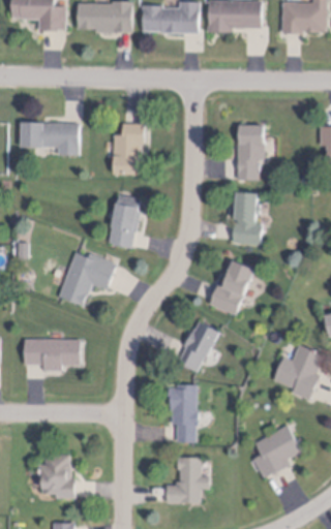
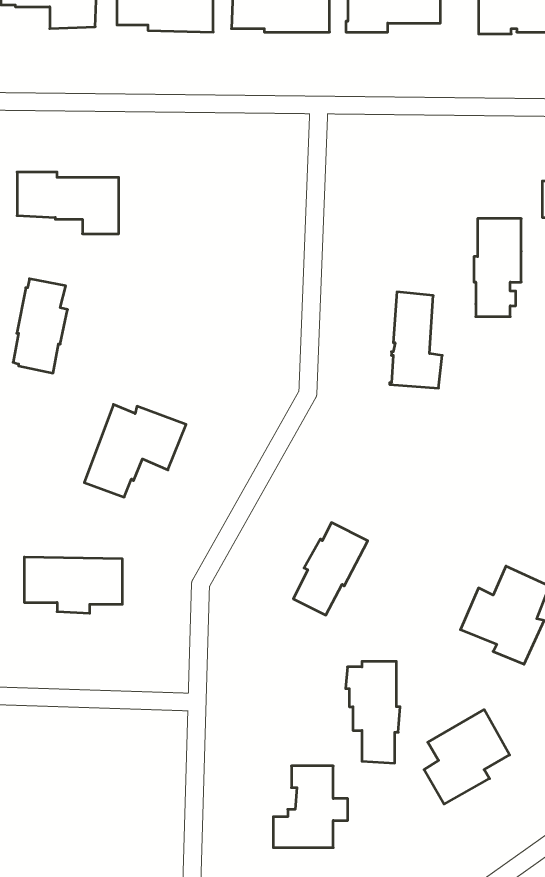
building: [112,122,143,172] -> none
building: [236,122,263,178] -> [474,219,521,317]
building: [109,193,140,247] -> [13,279,68,373]
building: [208,256,254,313] -> none
building: [167,384,198,442] -> [346,661,400,763]
building: [38,455,74,498] -> none

